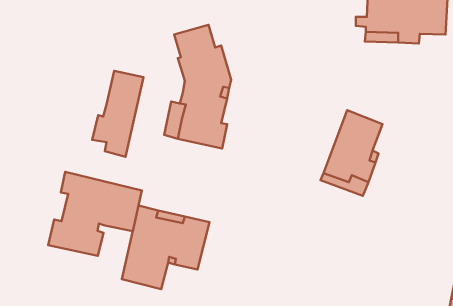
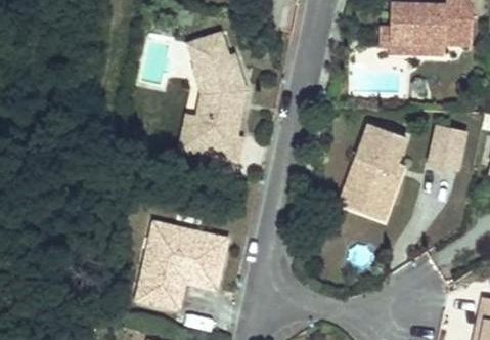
building: [92,71,144,157] -> none
building: none -> [430,126,465,167]
building: [48,172,142,256] -> none

